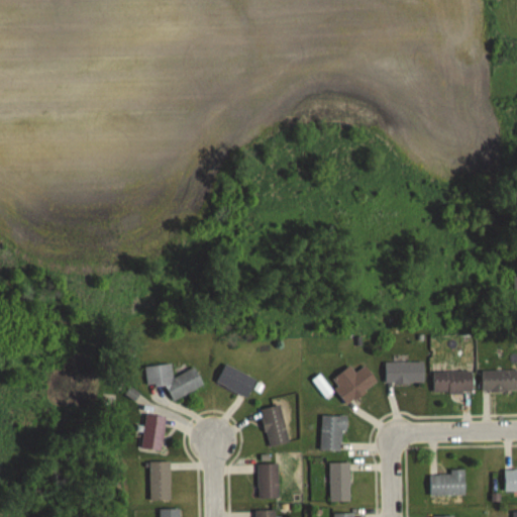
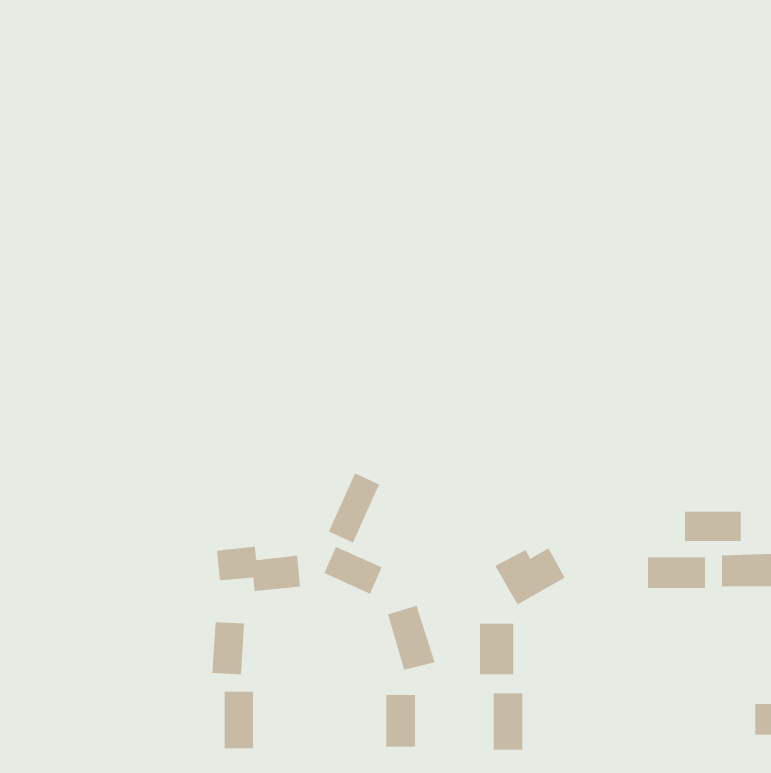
building: none -> [328,472,380,544]
building: [386,363,424,383] -> [684,511,741,542]
building: [430,473,466,496] -> none

